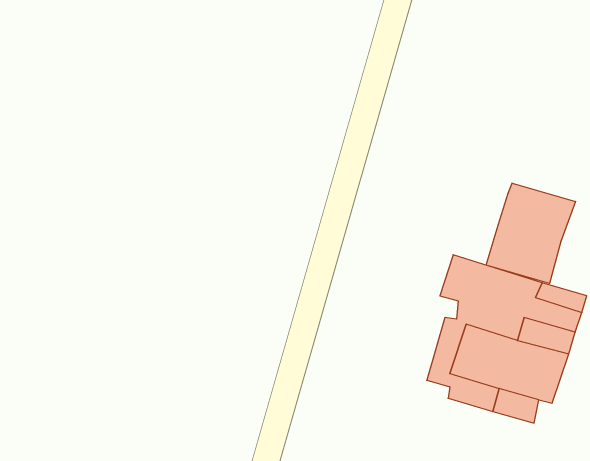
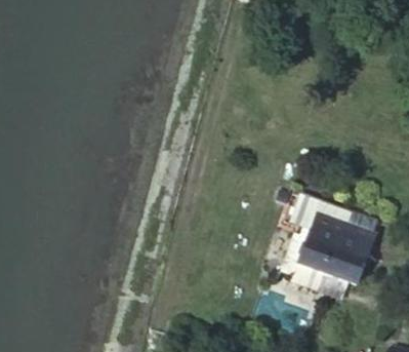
building: [486,183,576,283] -> none

